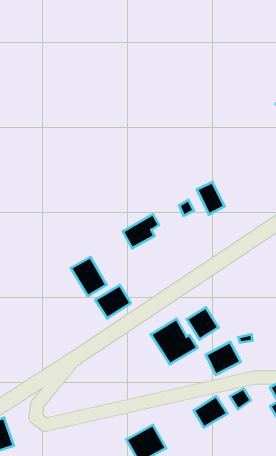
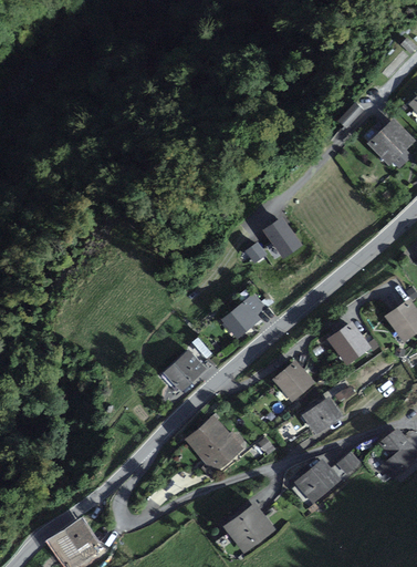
building: [123,214,159,248] -> [223,296,263,338]
building: [71,257,107,296] -> none
building: none -> [329,323,366,361]
building: [151,319,197,364] -> [186,416,241,470]

